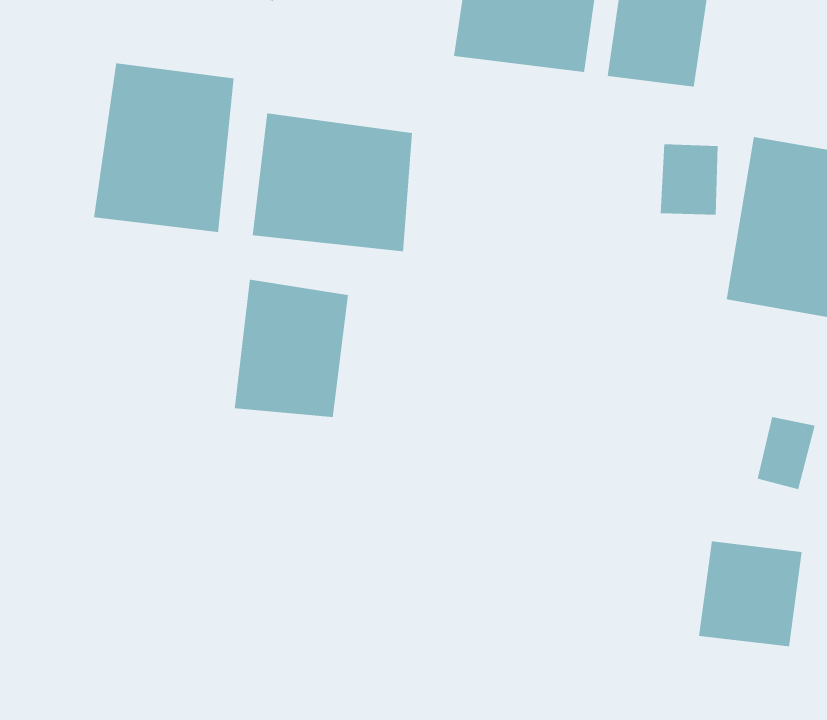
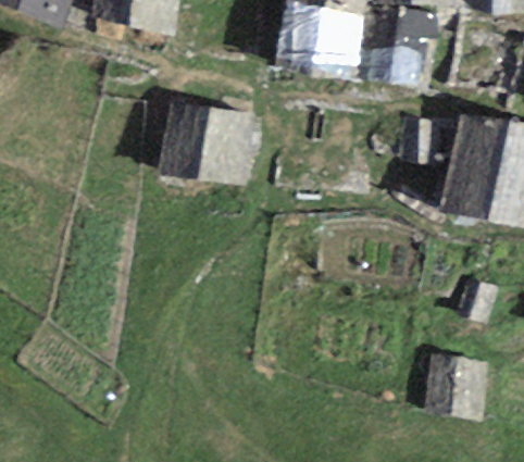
building: [93,62,234,233] -> none
building: [234,279,349,418] -> none

